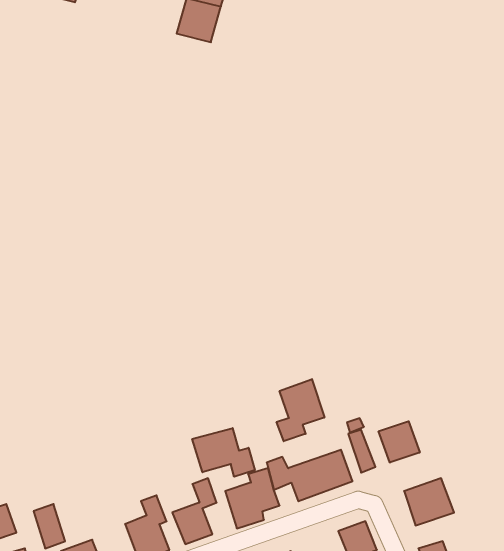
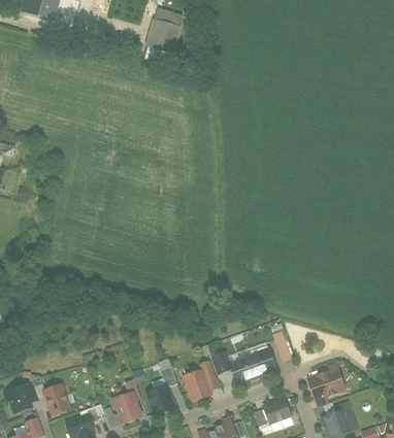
building: [277,379,324,441] -> none
building: [379,421,420,463] -> none
building: [192,428,255,477] -> none

